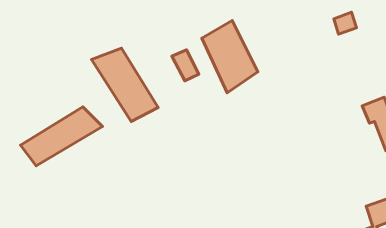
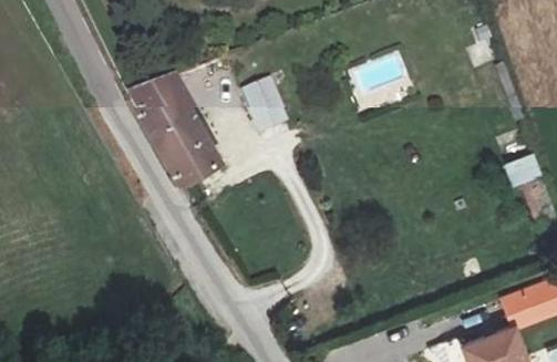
building: [202,21,258,93] -> none
building: [21,107,102,166] -> none

